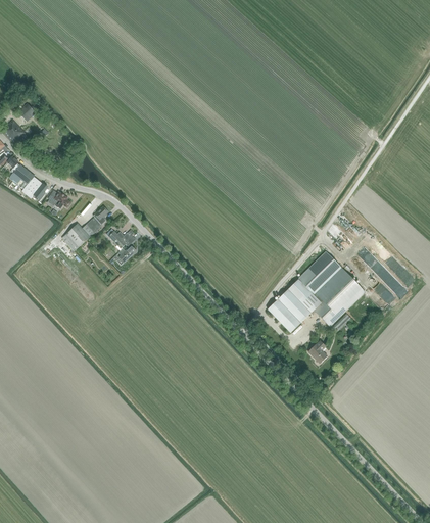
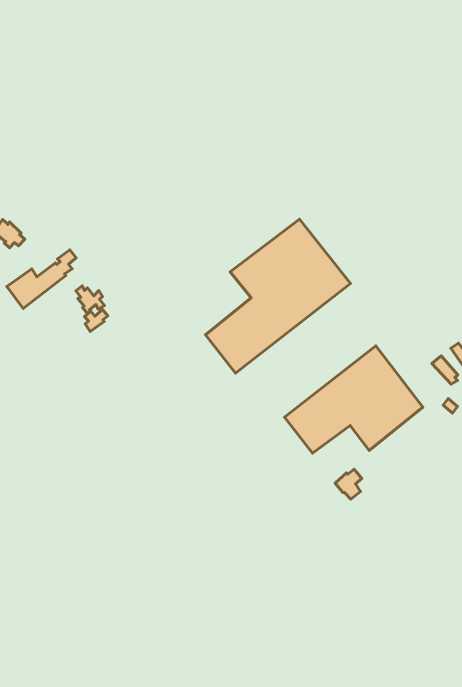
building: none -> [205,219,351,373]

